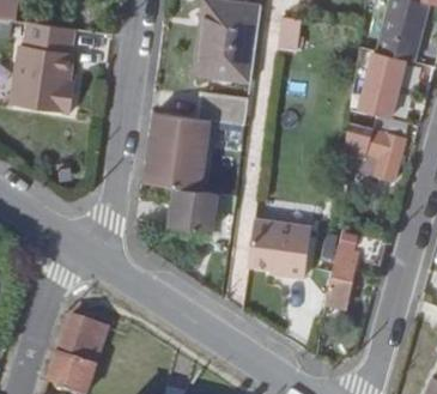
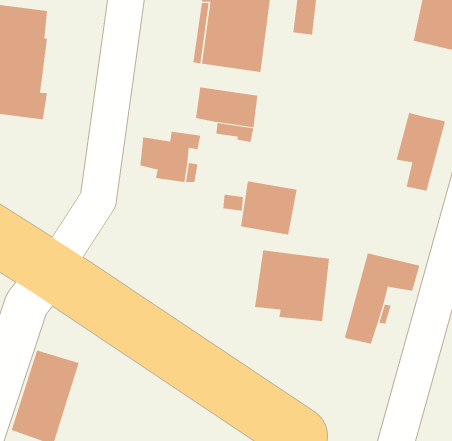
building: [364,50,406,115] -> none
building: [171,184,219,230] -> [240,181,297,235]

